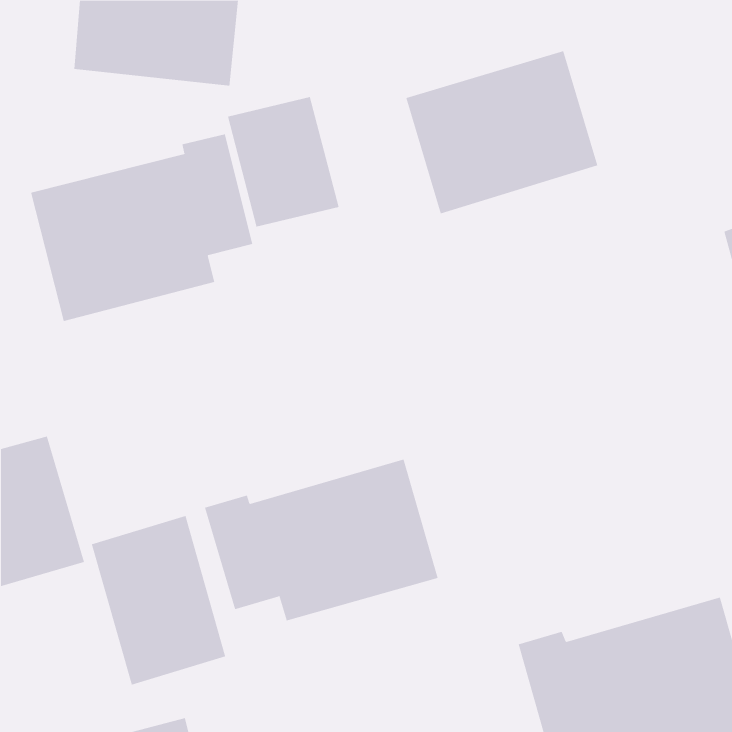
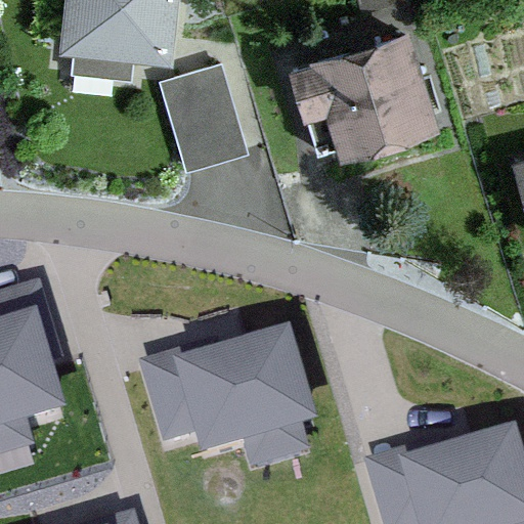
building: [30,133,253,322] -> none
building: [91,515,226,686] -> none

